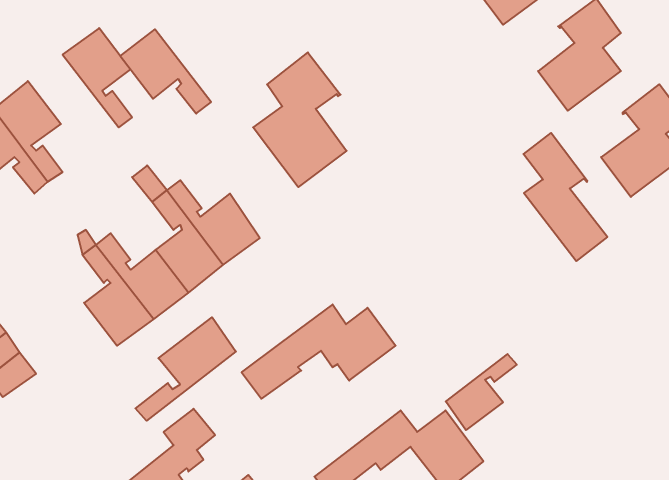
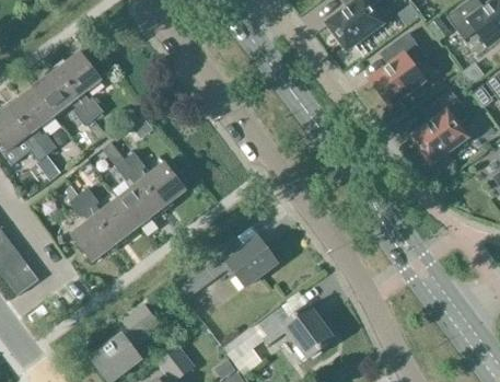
building: [120,29,211,114] -> [33,69,93,125]
building: [253,52,347,187] -> none
building: [523,133,607,261] -> none
building: [135,317,236,421] -> none
building: [446,354,517,430] -> none

